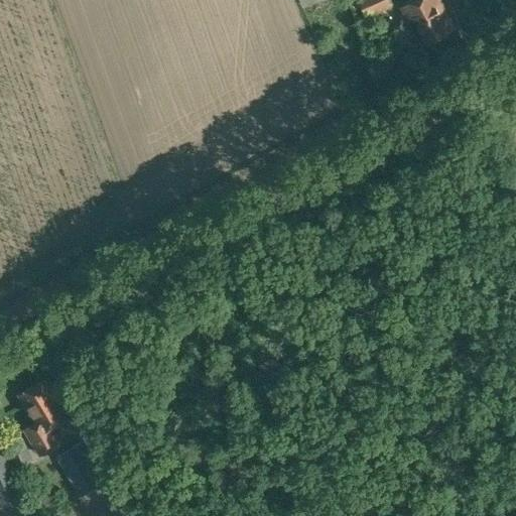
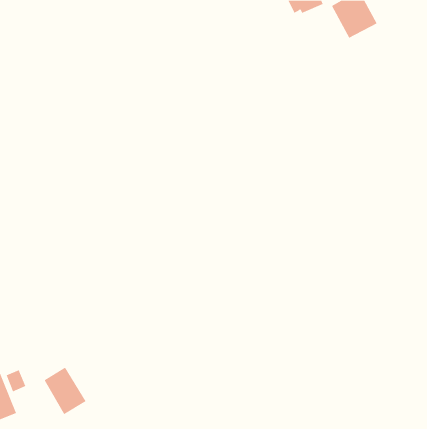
building: [16,377,68,456] -> none

